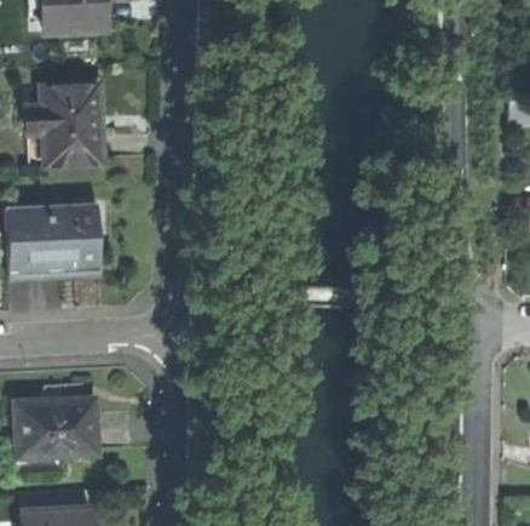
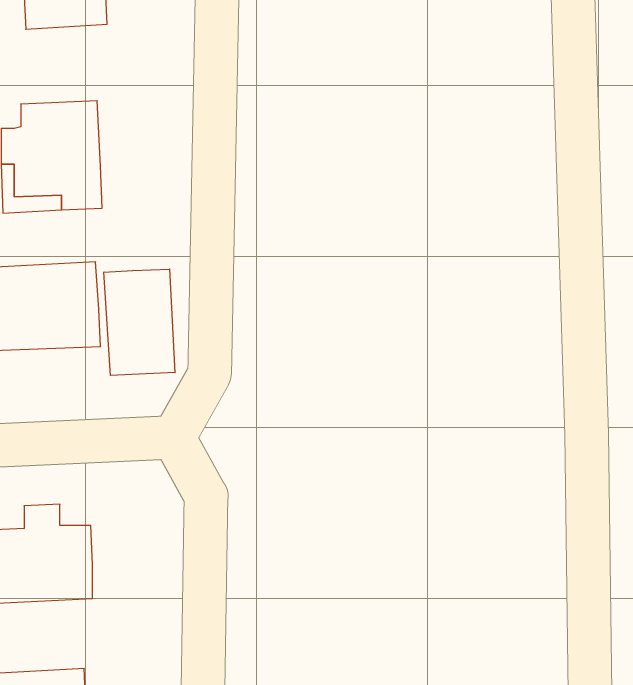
building: none -> [104,269,175,375]

